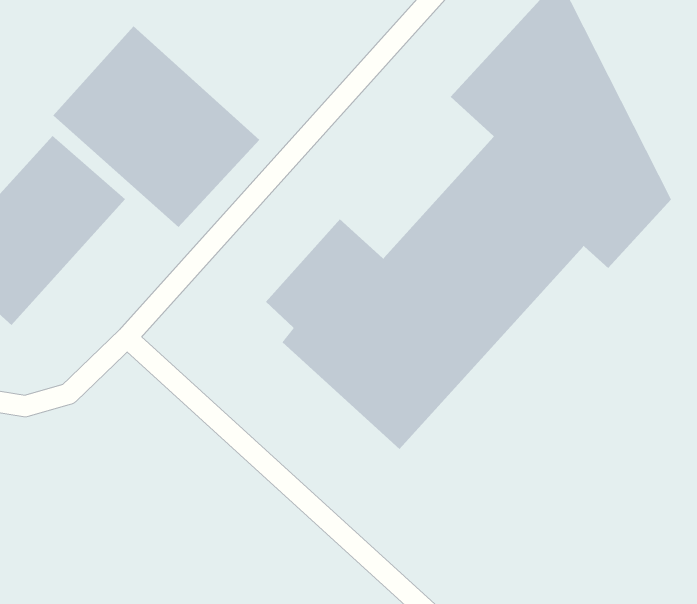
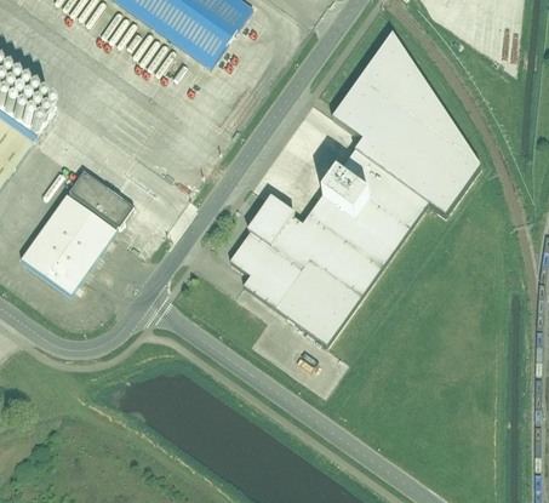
building: [52,25,260,228] -> none

